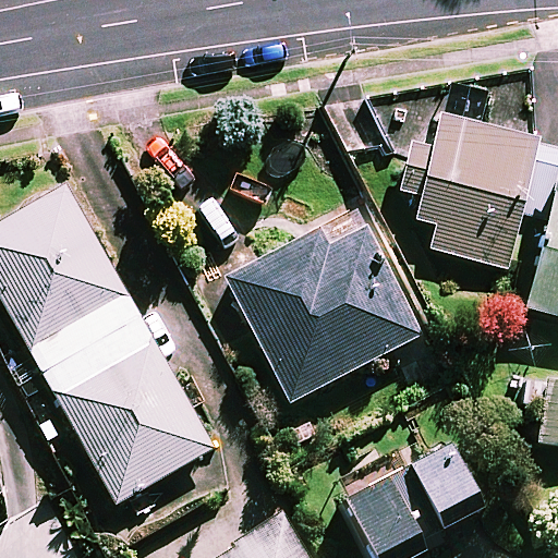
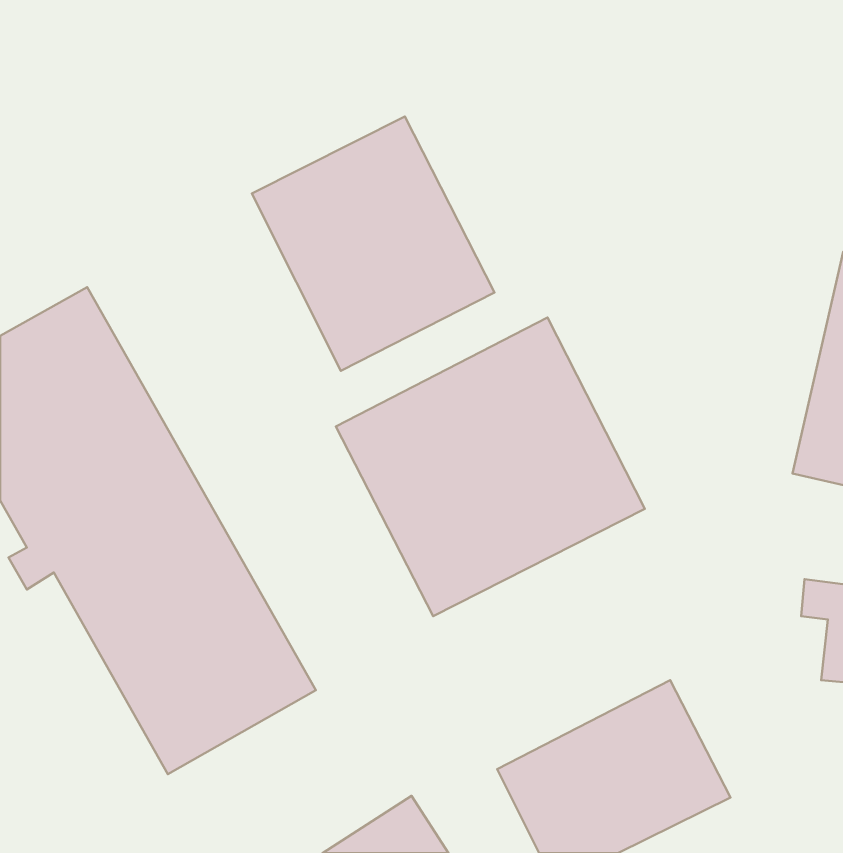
building: none -> [252,116,494,371]
building: [420,117,537,264] -> none

